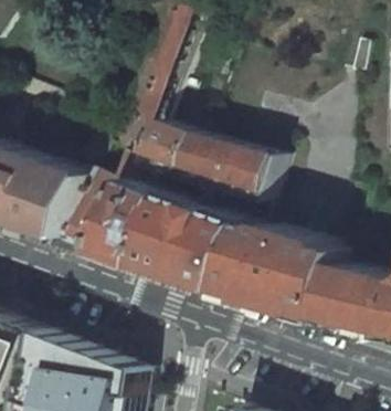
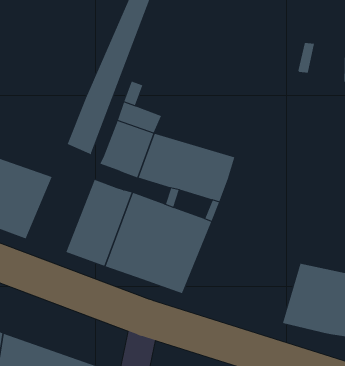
building: [66,157,144,257] -> none
building: [224,229,346,329] -> none

